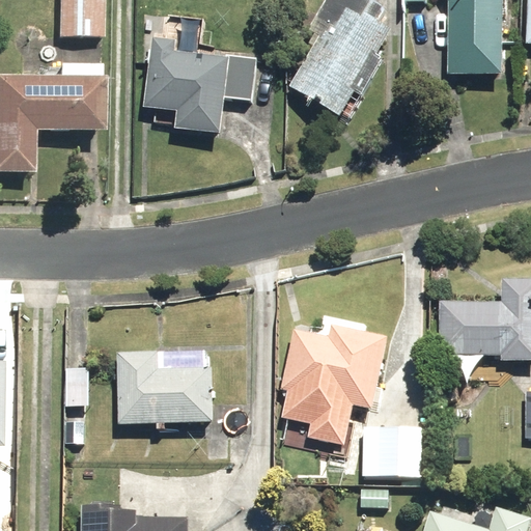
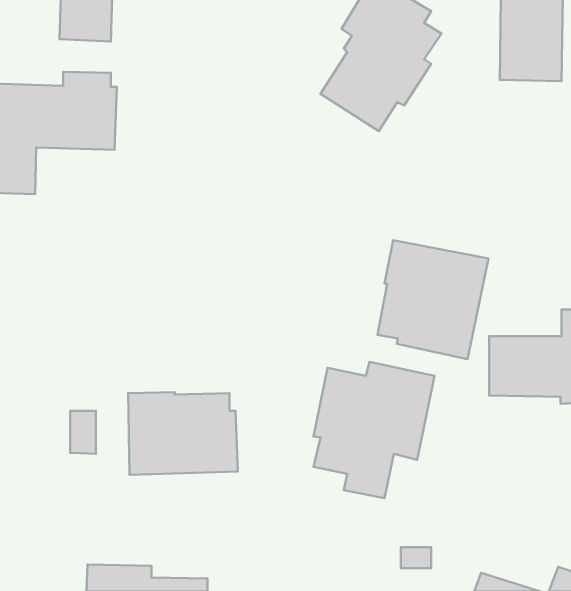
building: [144,38,257,137] -> none
building: none -> [377,240,488,359]
building: [362,427,423,476] -> none

